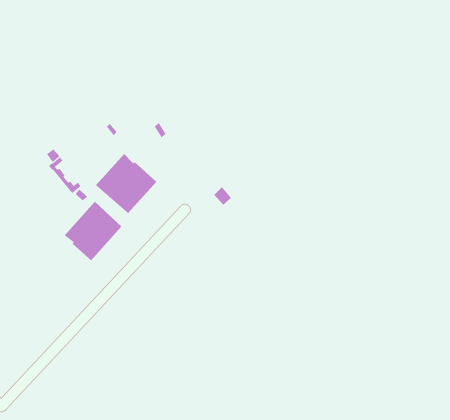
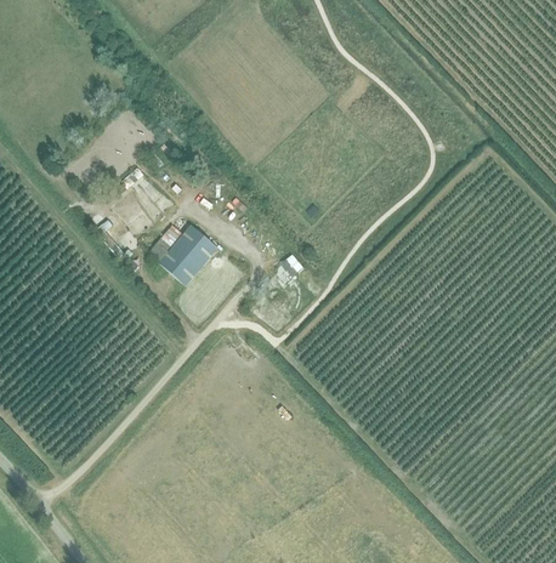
building: [64,201,122,261] -> none

